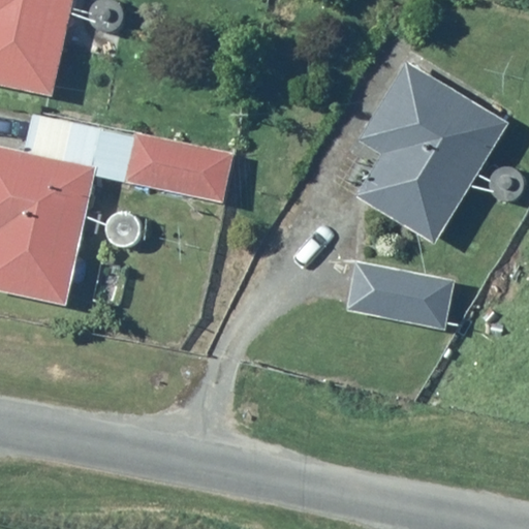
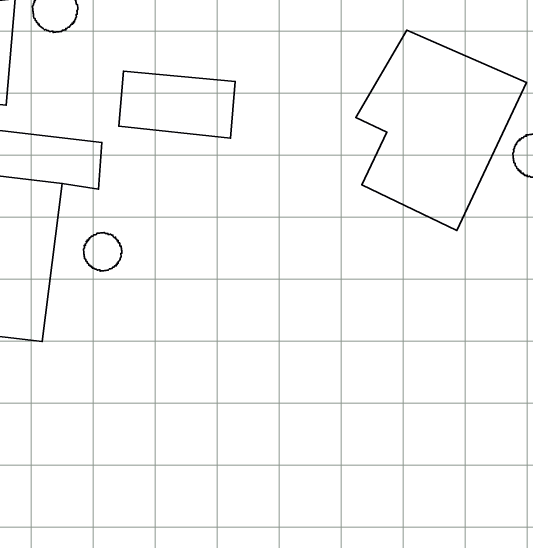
building: [128,133,234,201] -> [119,71,235,138]
building: [347,262,453,329] -> none

